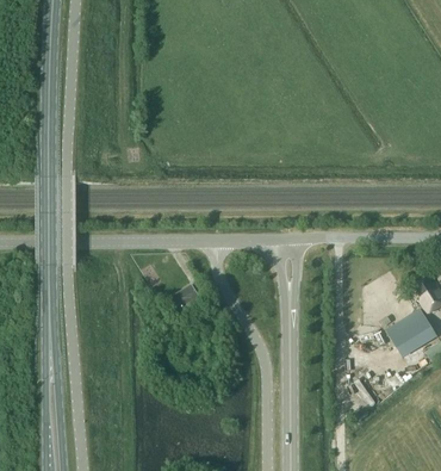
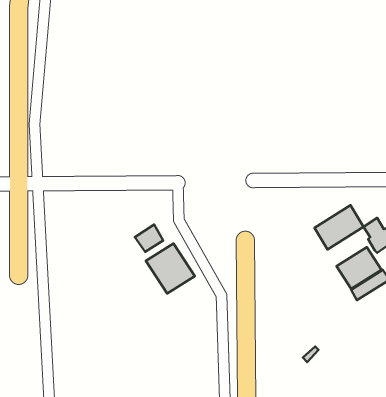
building: none -> [314,205,364,250]
building: none -> [146,243,195,294]

